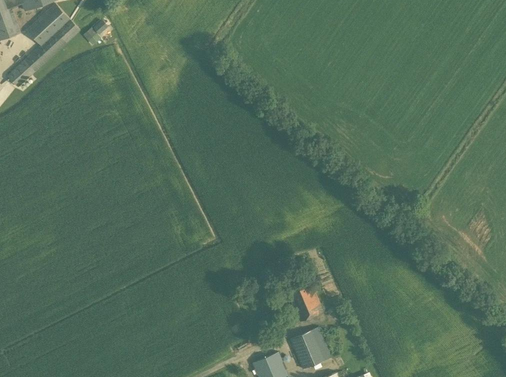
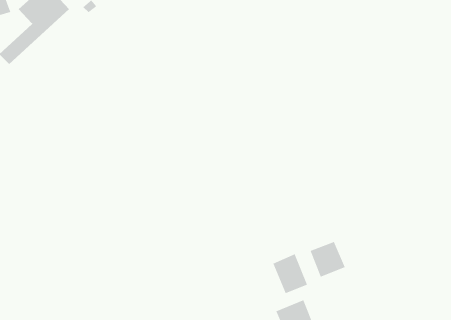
building: none -> [310,241,345,278]

